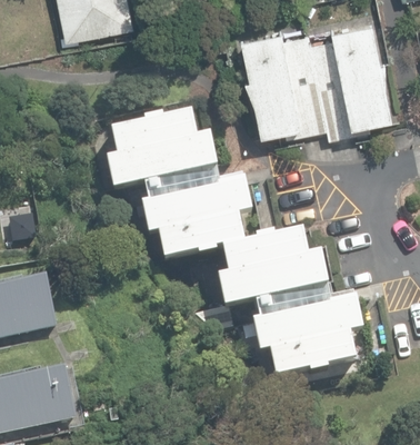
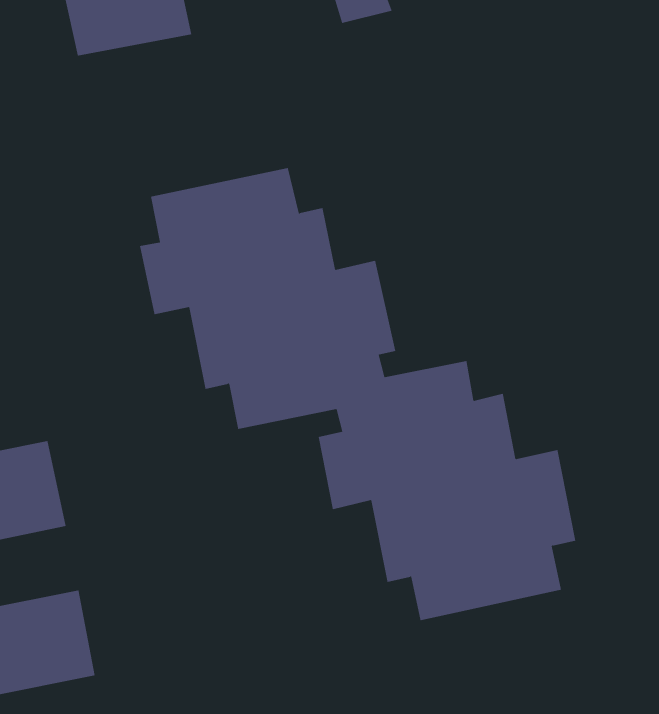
building: [239,20,391,138] -> none

